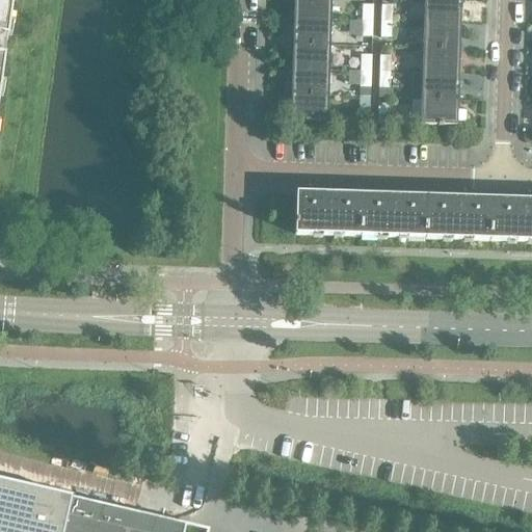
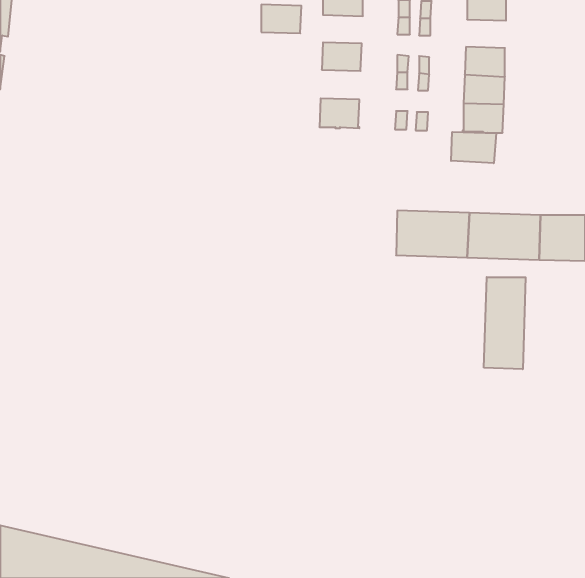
building: [293,14,329,39] -> [261,5,301,33]
building: [423,18,459,44] -> none
building: [291,63,327,90] -> none
building: none -> [451,132,496,163]
building: [294,189,361,232] -> none
building: none -> [484,277,526,369]

